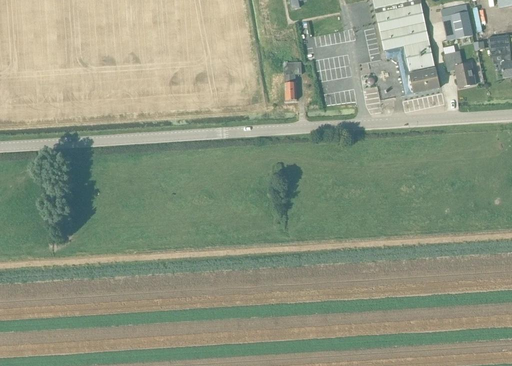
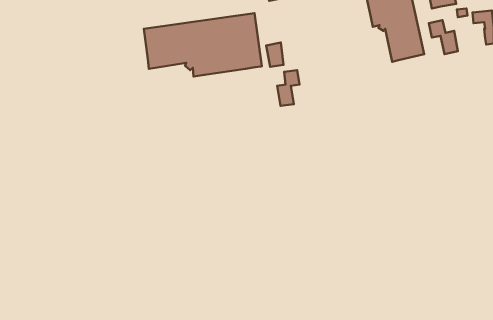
building: none -> [144,13,262,77]
building: none -> [277,70,299,106]

